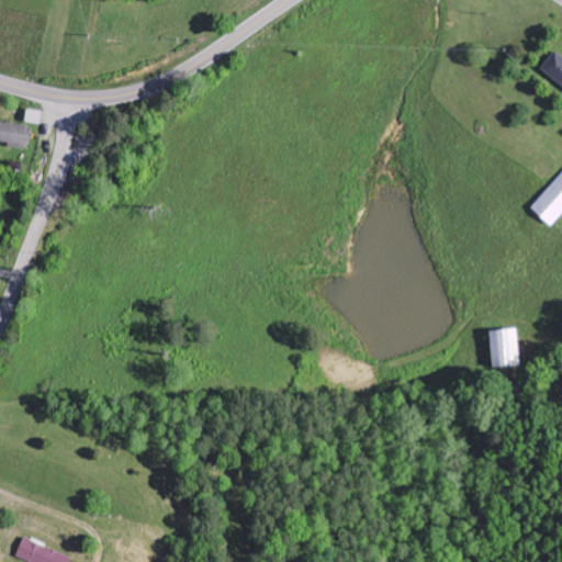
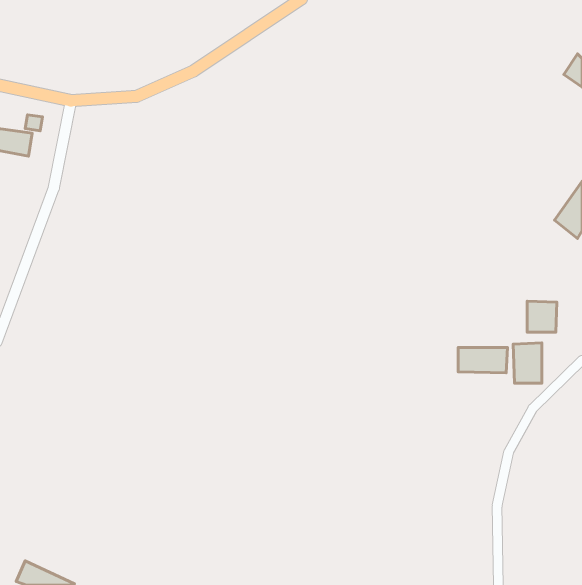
building: none -> [527,301,557,332]
building: none -> [458,348,507,373]

